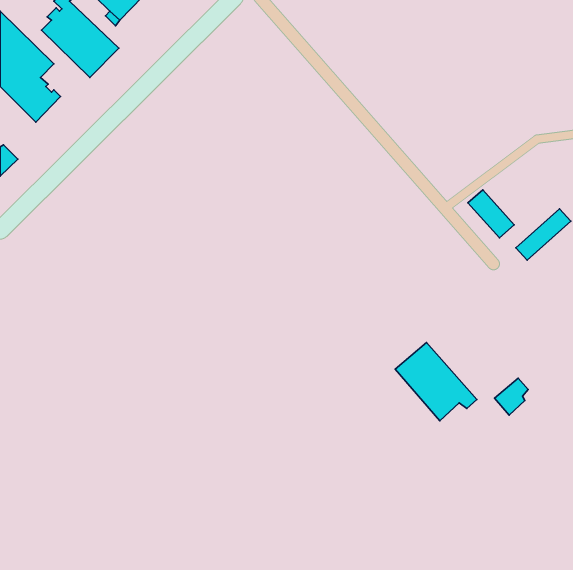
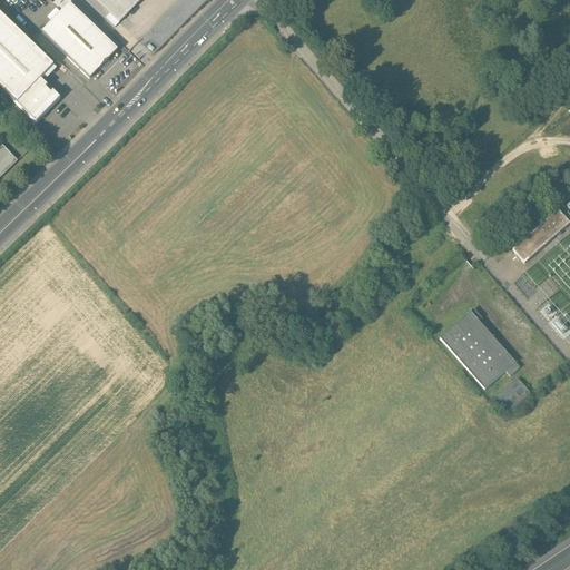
building: [468,190,514,238] -> none
building: [395,342,477,421] -> [438,307,519,385]

